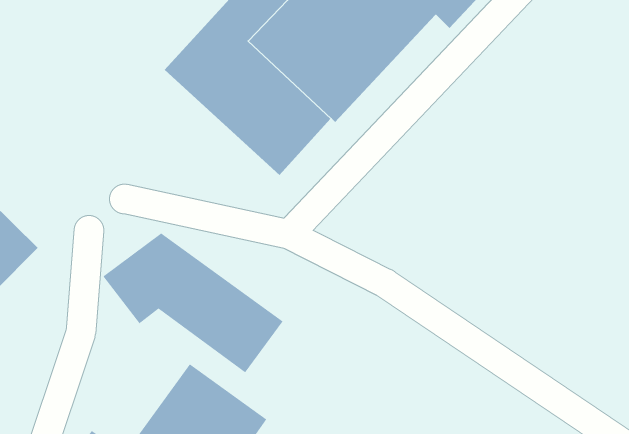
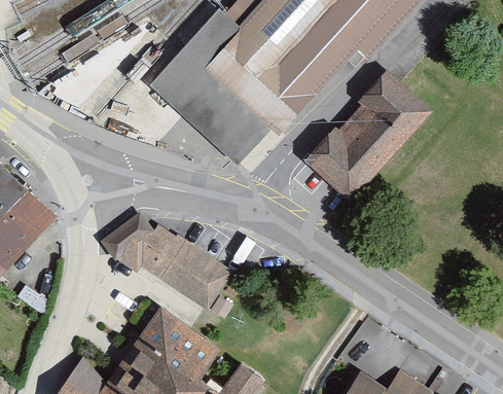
building: none -> [312,69,436,196]

